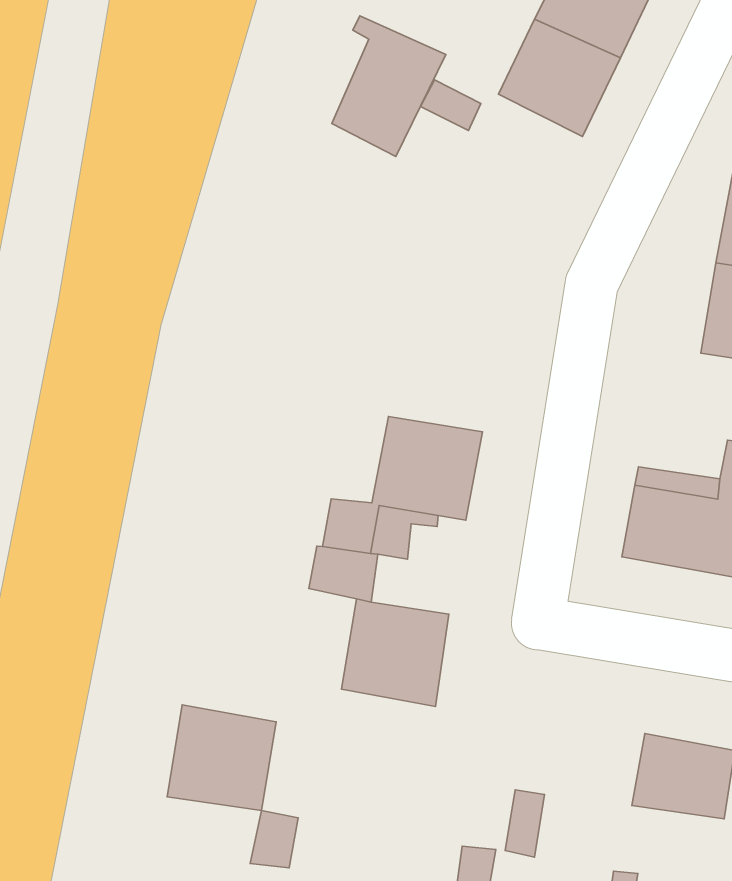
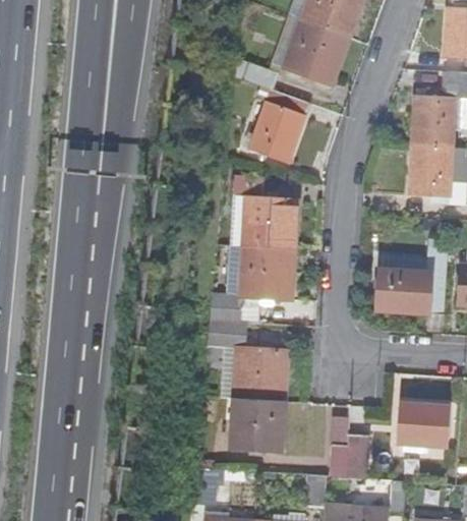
building: [332,16,446,156] -> [250,89,308,163]
building: none -> [242,194,298,249]
building: [167,705,276,810] -> [229,397,284,450]
building: none -> [346,435,371,478]

